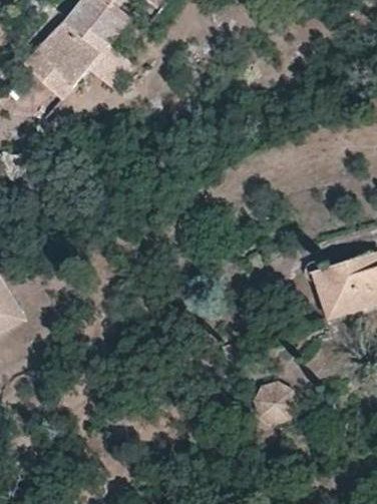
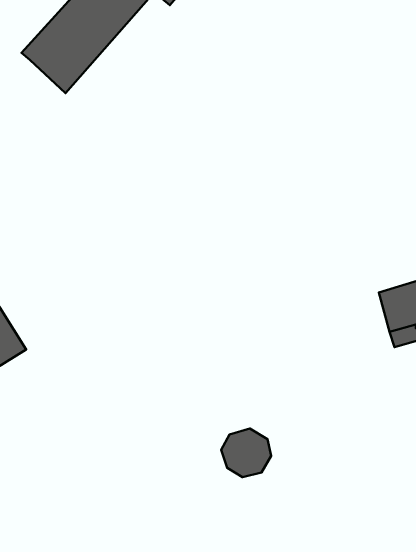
building: [252,381,294,422] -> [221,429,271,477]

